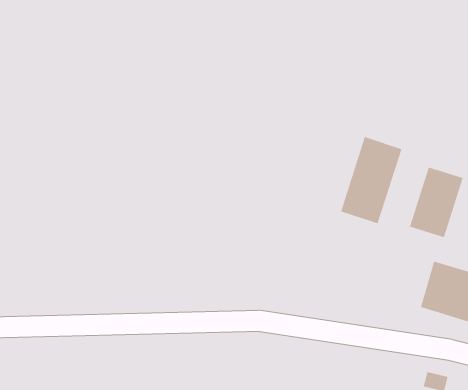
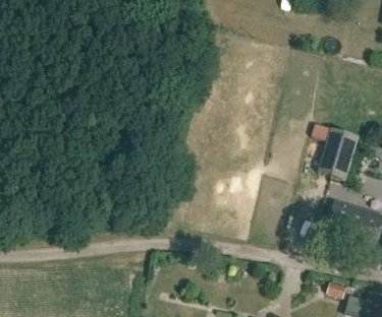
building: [341,136,402,224] -> none

